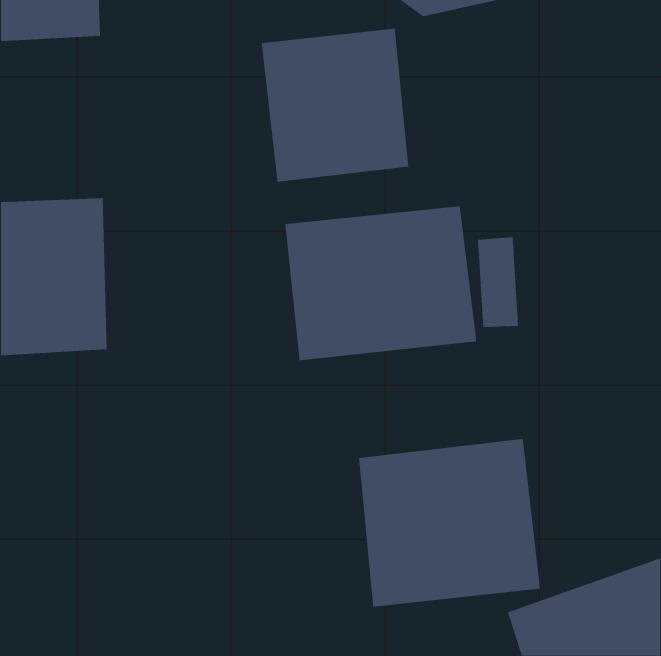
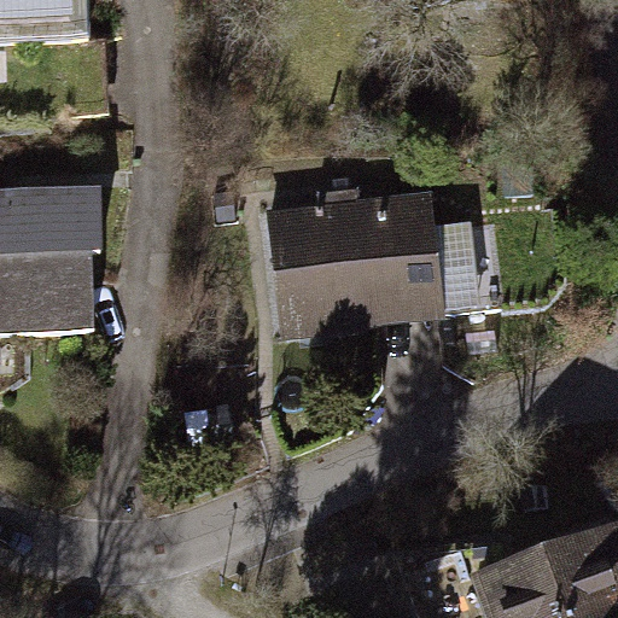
building: [261,28,409,182] -> none
building: [359,438,540,607] -> none

